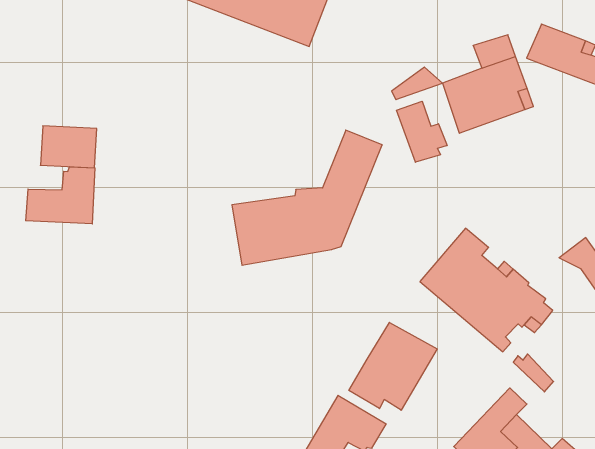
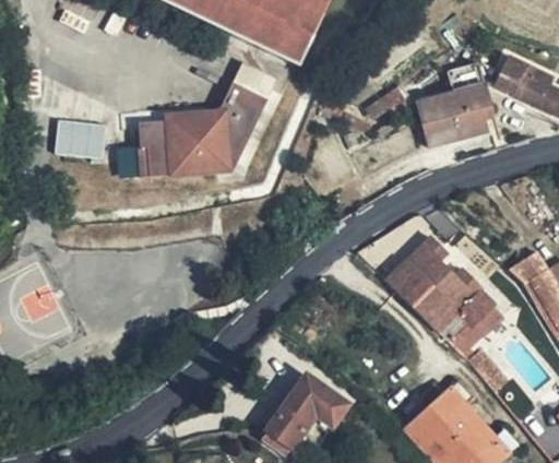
building: [396,101,447,162] -> none
building: [232,130,382,265] -> [139,61,276,176]
building: [26,167,95,224] -> none
building: [349,322,437,410] -> none

